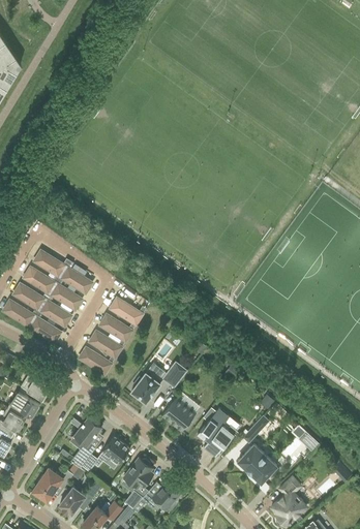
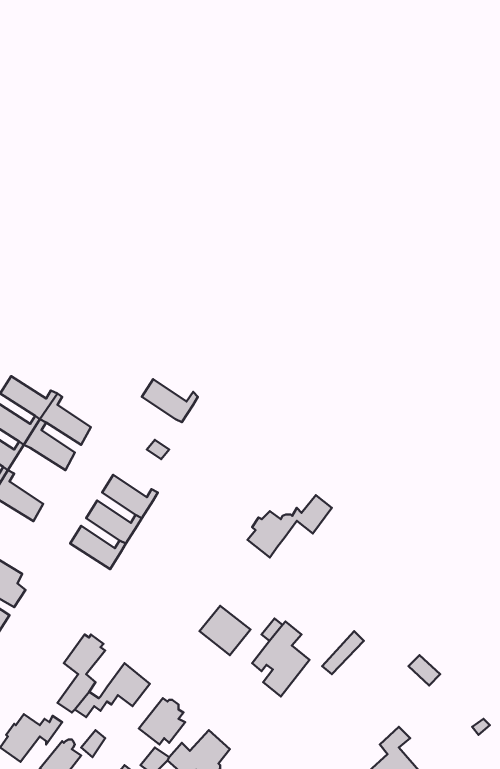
building: [38,294,71,328] -> none
building: [110,298,146,325] -> [142,379,198,422]
building: [131,363,186,403] -> [247,495,332,557]
building: [238,444,277,483] -> none

